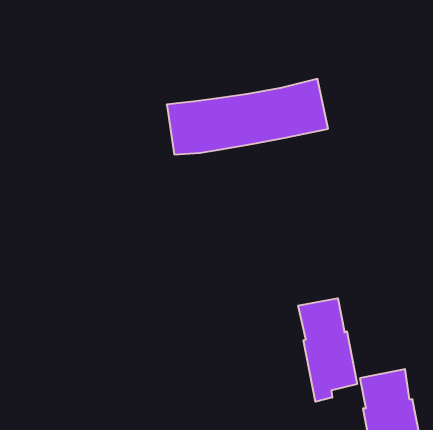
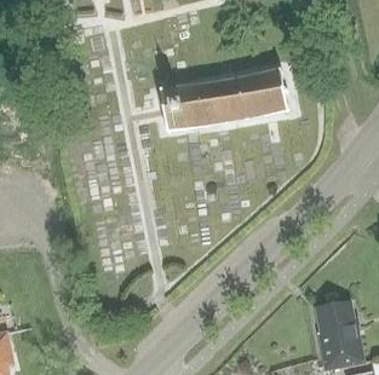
building: [298,298,357,402] -> none

